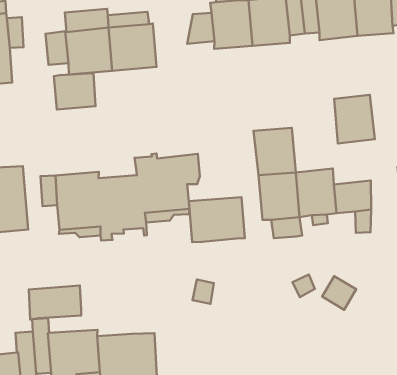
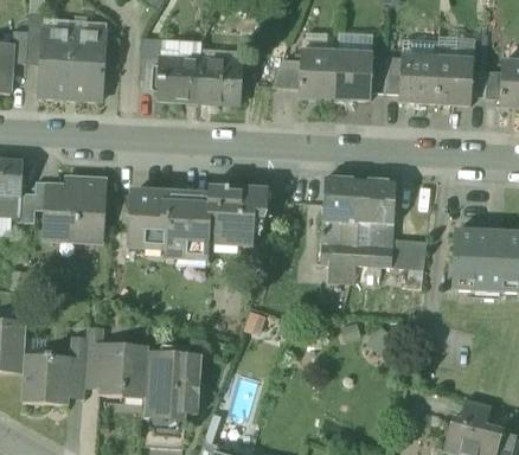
building: [54,73,96,110] -> none
building: [334,95,375,143] -> [358,180,395,224]
building: [189,197,245,242] -> none
building: [29,286,81,319] -> none

